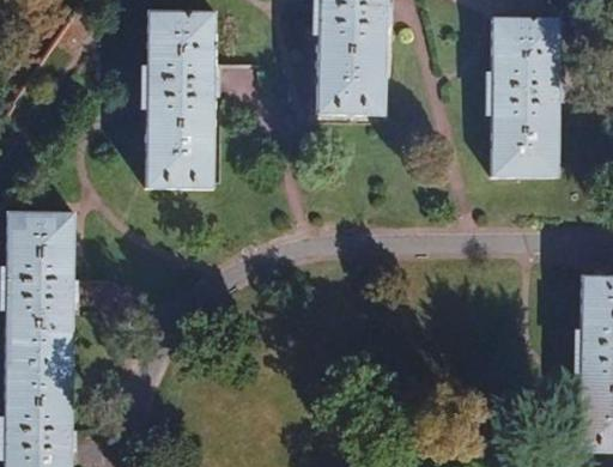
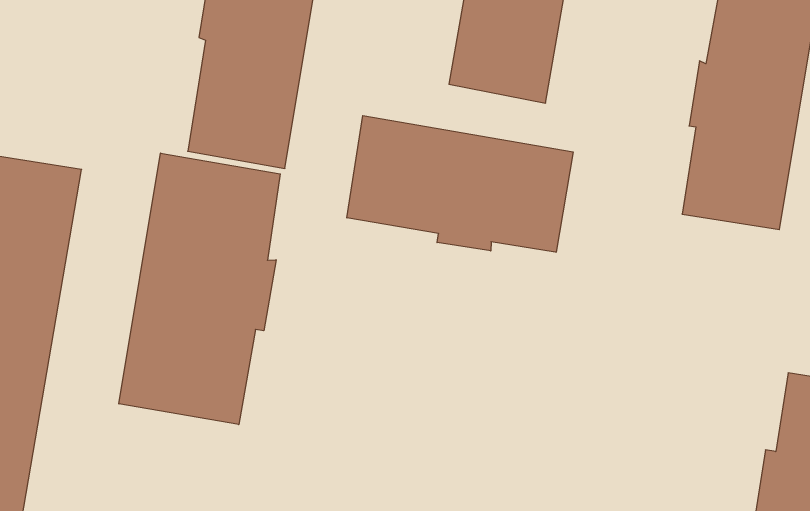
building: none -> [347,116,573,252]
building: none -> [119,153,280,425]

